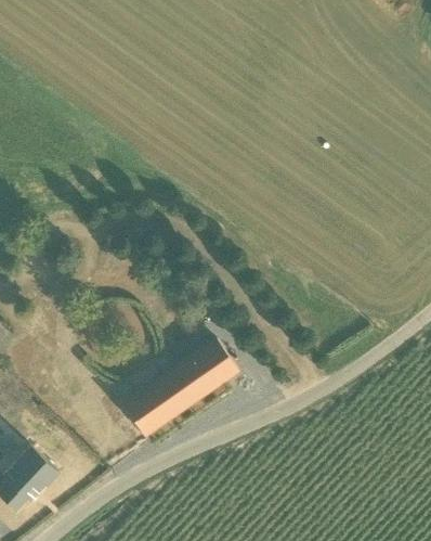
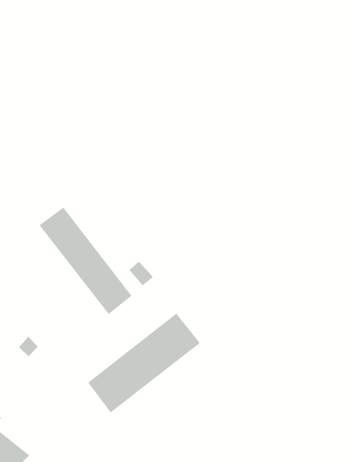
building: none -> [39,206,133,315]

